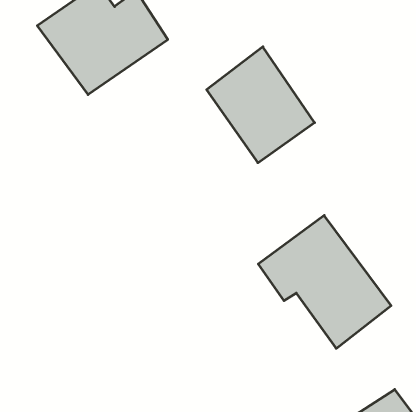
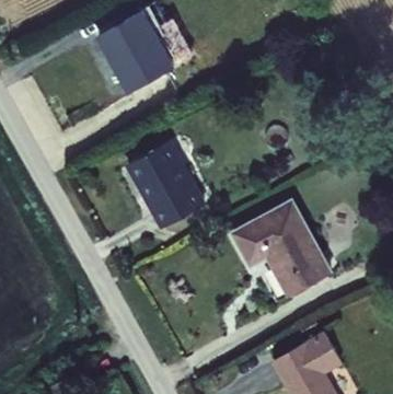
building: [207,47,315,163] -> [127,143,204,229]

